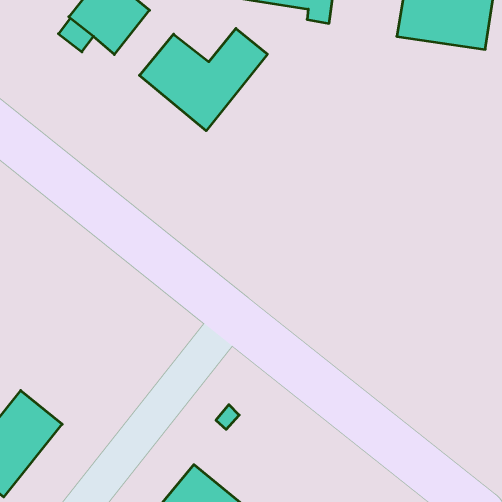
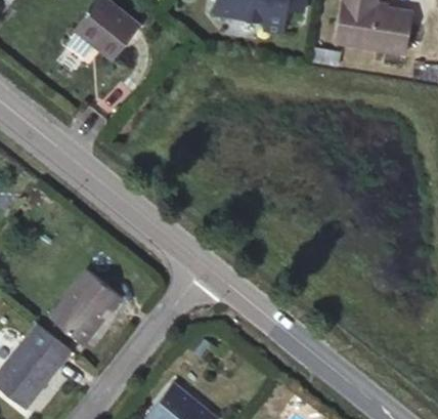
building: [139,28,267,131] -> none
building: none -> [49,267,121,343]

